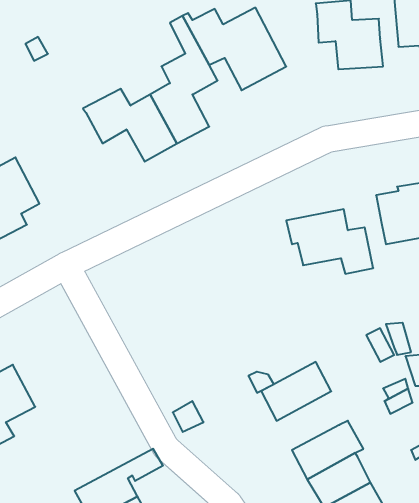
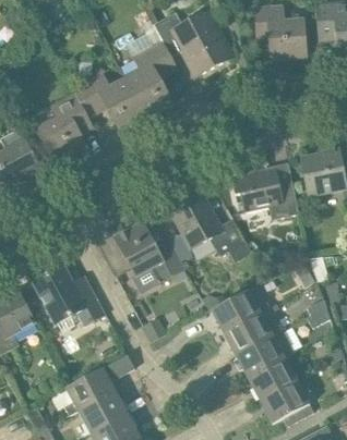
building: none -> [35,93,93,166]
building: none -> [167,191,250,261]
building: none -> [113,218,184,282]
building: none -> [32,265,105,330]
building: none -> [223,309,278,355]

